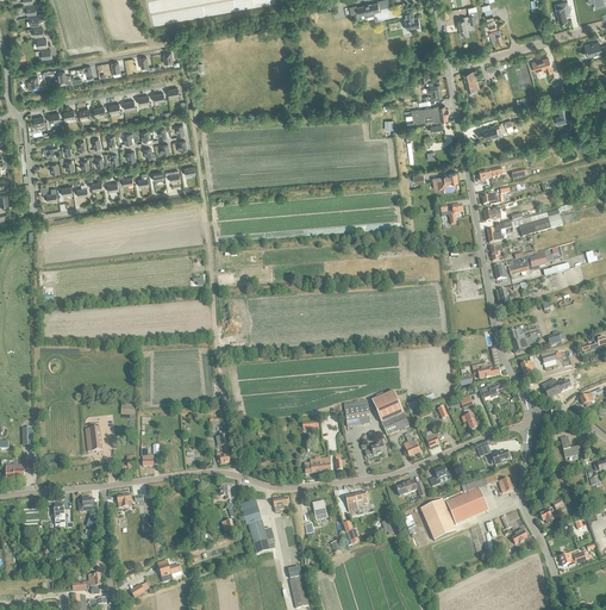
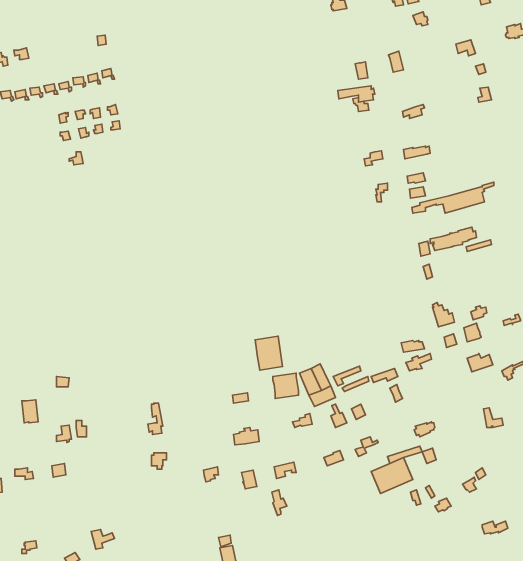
building: none -> [255,336,283,370]
building: [419,498,455,540] -> none
building: [238,499,274,553] -> none

